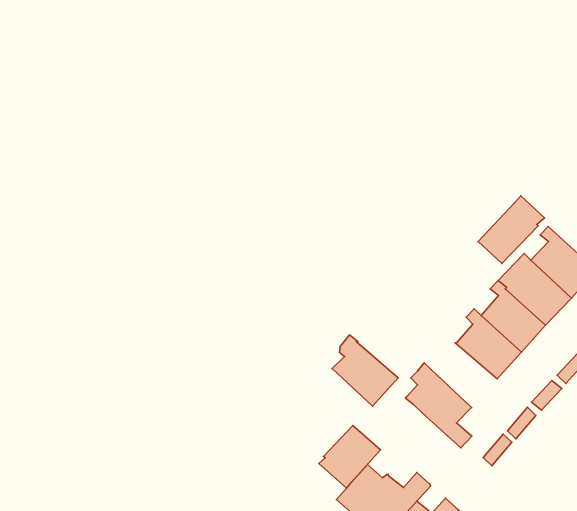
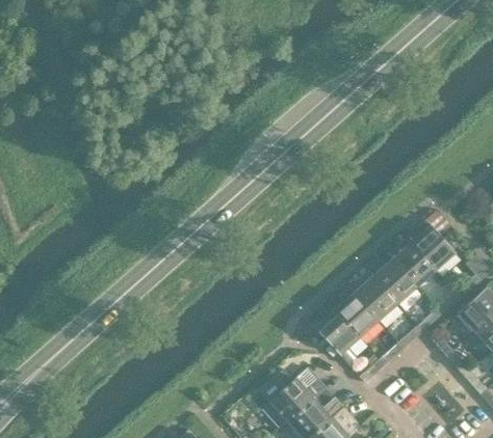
building: [478,196,544,263] -> none
building: [332,335,398,406] -> [335,289,380,339]
building: [319,425,381,488] -> none

